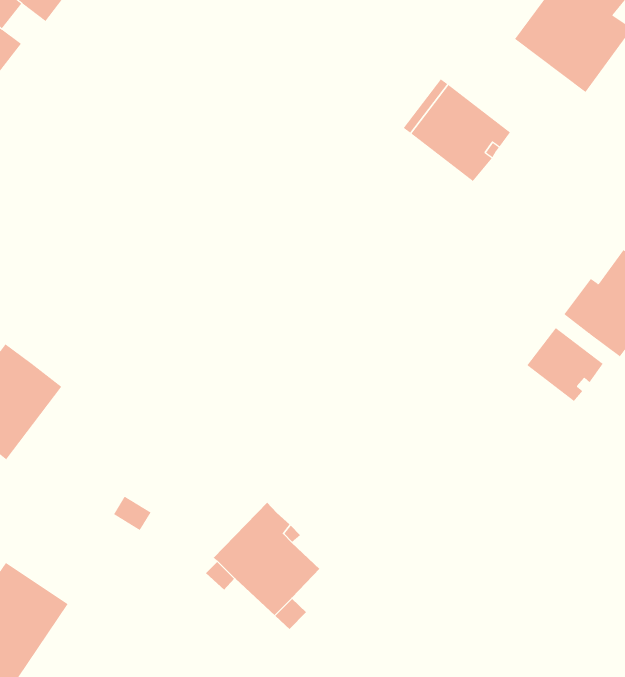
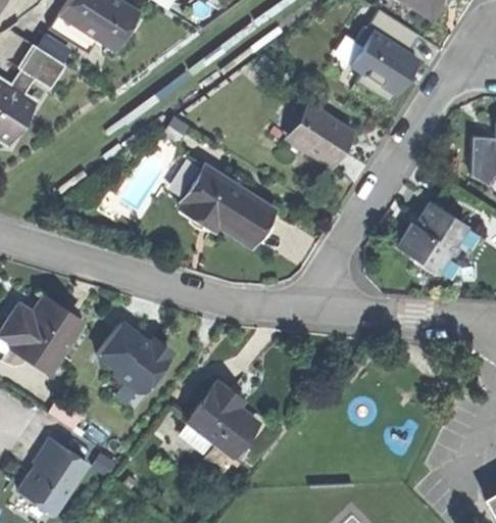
building: none -> [179,164,272,246]
building: [526,327,603,402] -> none
building: none -> [96,318,178,394]

